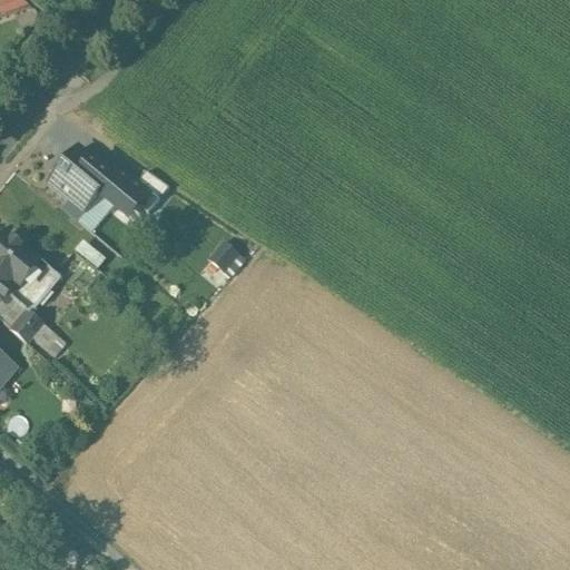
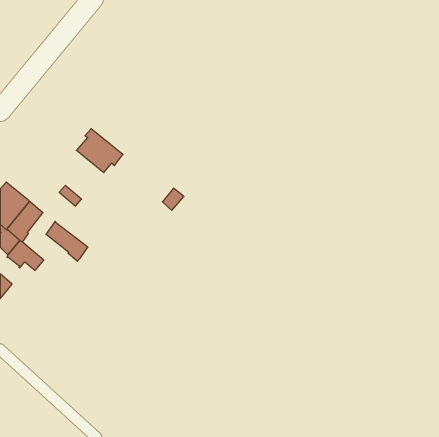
building: [50,150,114,214] -> none
building: none -> [46,221,88,261]

